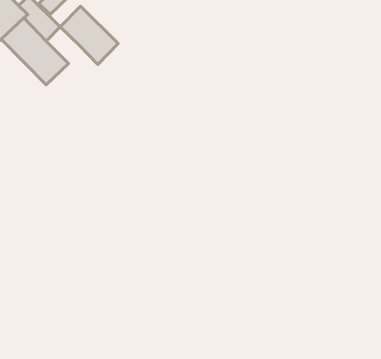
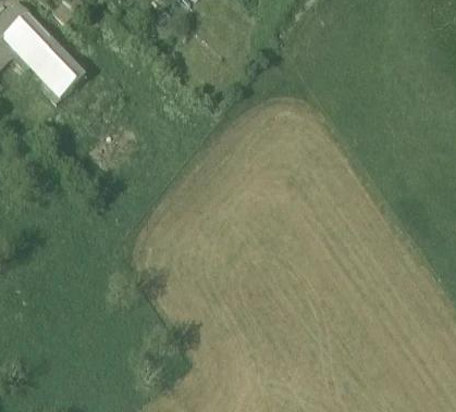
building: [60,6,118,64] -> none

